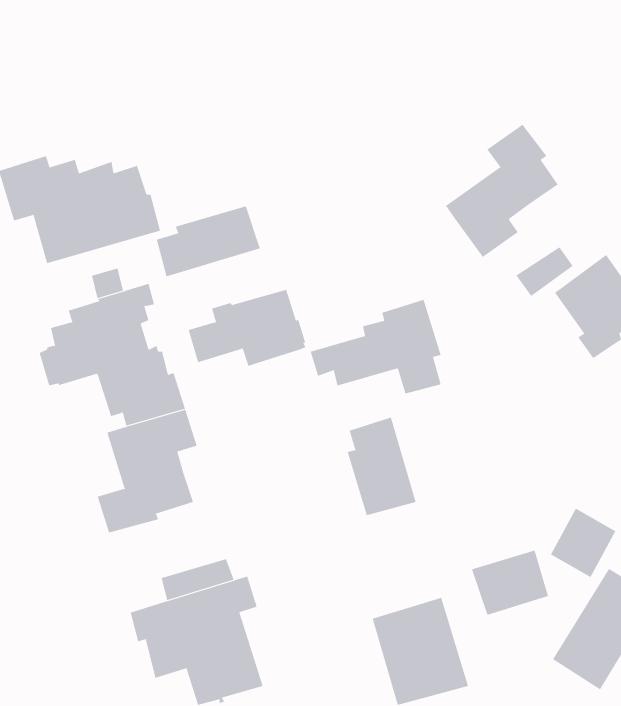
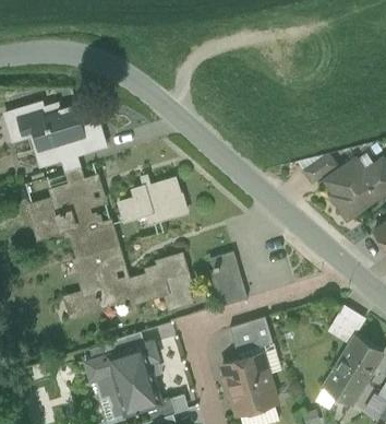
building: [445,124,558,258] -> none
building: [156,205,261,277] -> none
building: [310,299,442,394] -> [117,254,191,307]
building: [471,550,549,616] -> [229,317,273,354]

